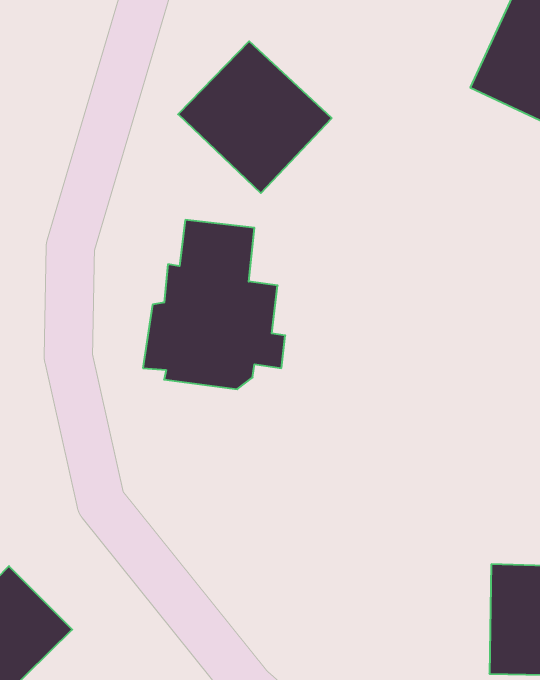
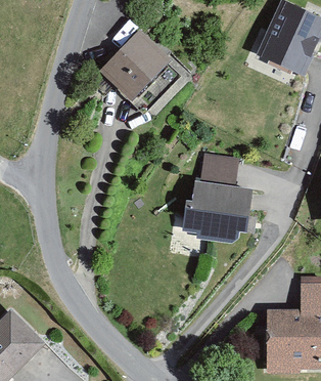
building: [143,220,285,389] -> [180,154,256,244]

